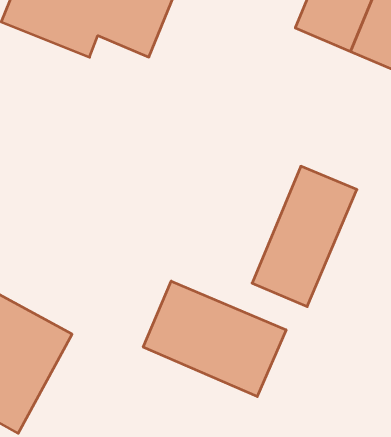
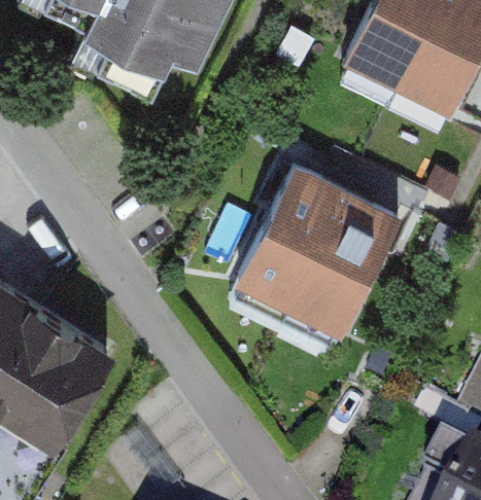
building: none -> [238,169,345,306]
building: [143,281,286,397] -> none

